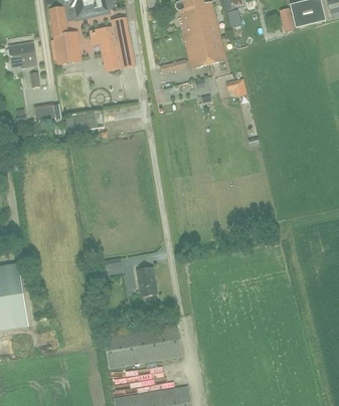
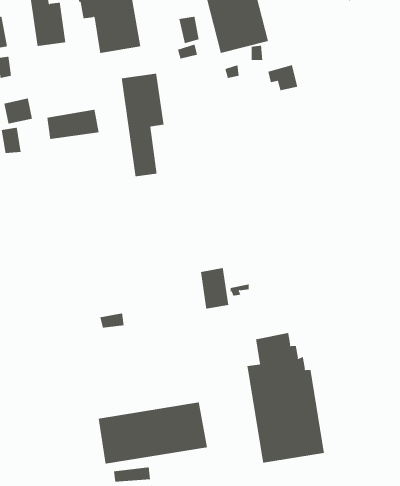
building: none -> [121,73,164,177]
building: [136,266,157,296] -> [200,268,229,309]
building: none -> [247,332,325,463]

